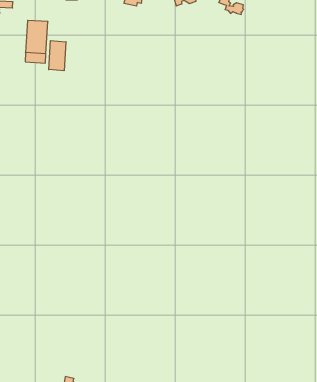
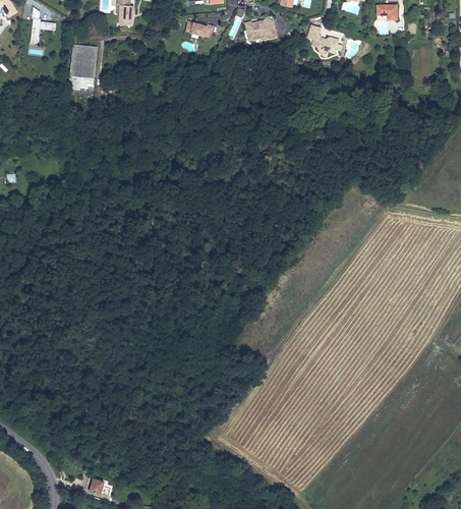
building: [49,41,66,71] -> none

